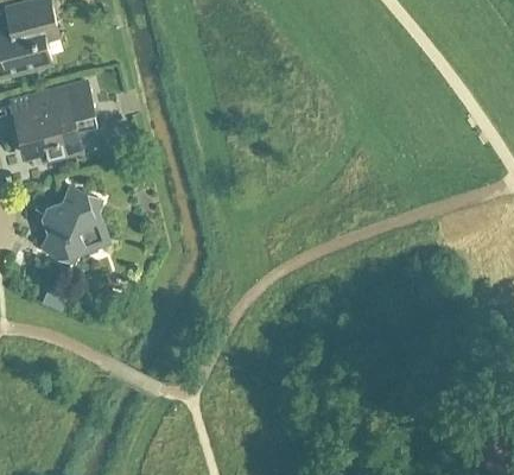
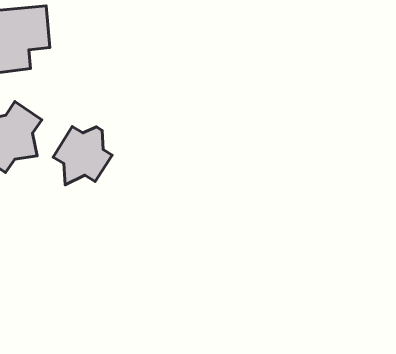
building: none -> [53,127,112,185]

